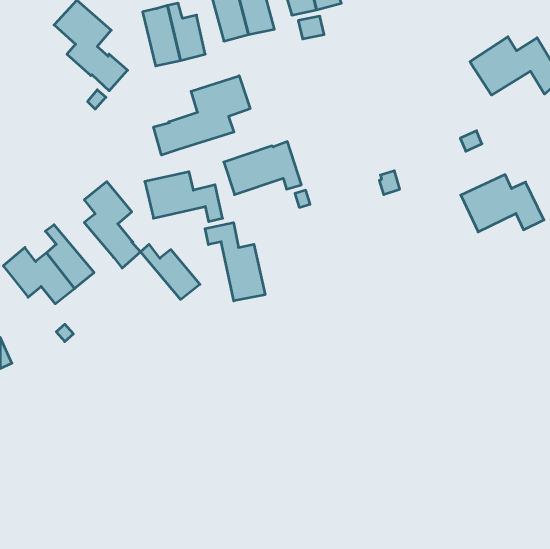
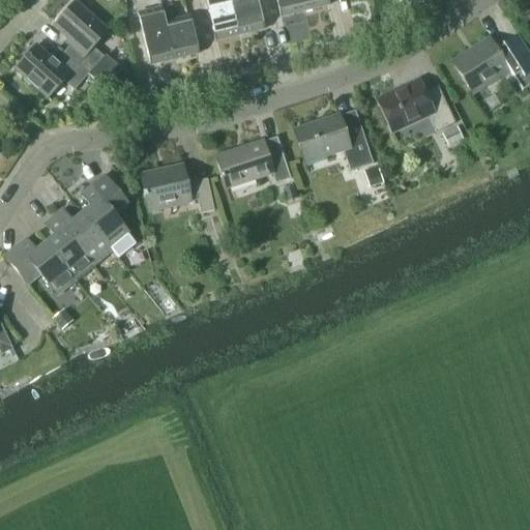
building: none -> [16,43,89,97]
building: [154,76,250,155] -> none
building: none -> [295,114,374,169]
building: [461,175,544,232] -> [377,78,457,132]
building: [205,223,265,301] -> none
building: [140,244,200,299] -> [54,208,111,261]

